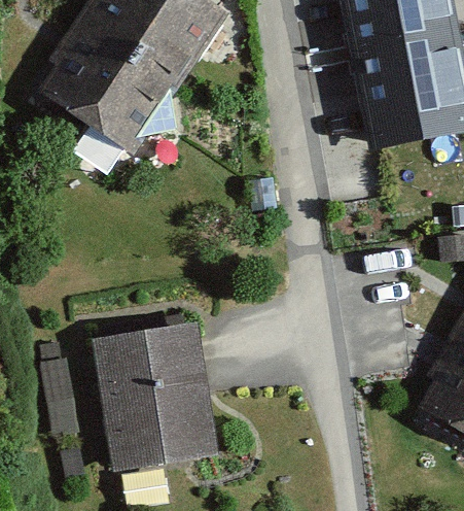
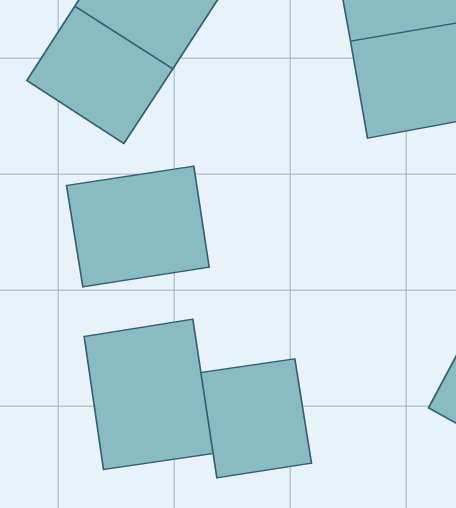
building: none -> [66,166,209,287]
building: none -> [201,359,311,478]

